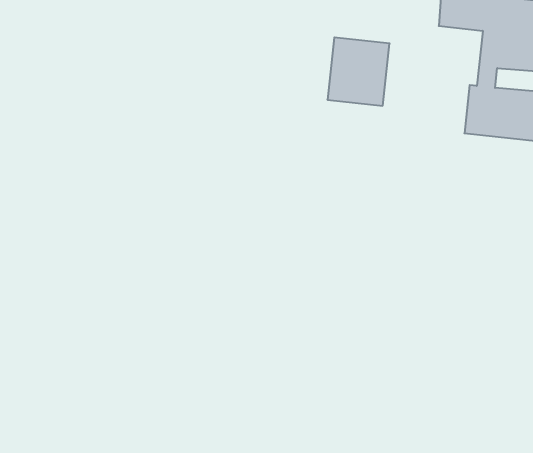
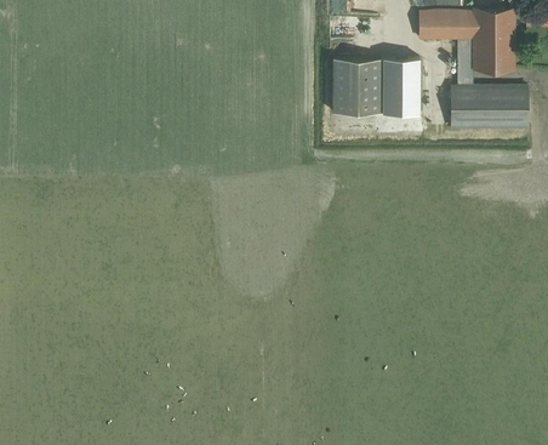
building: none -> [382,58,419,114]

